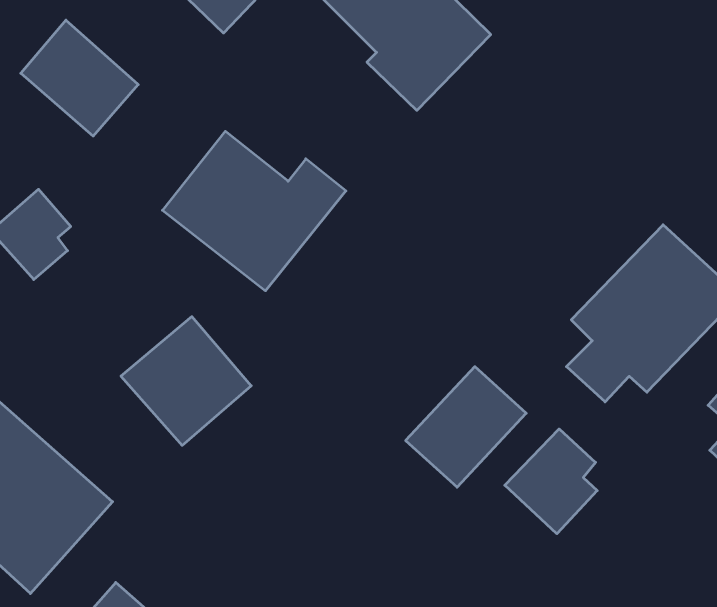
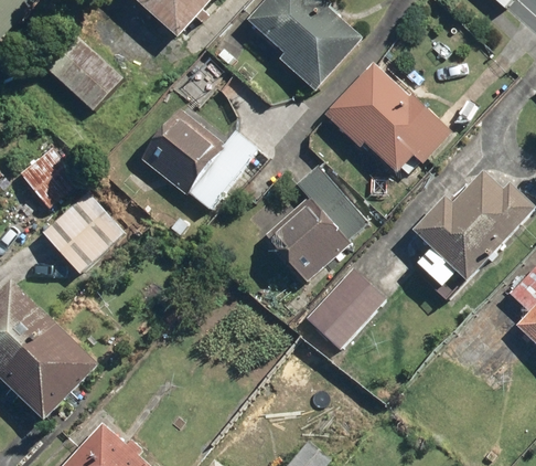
building: none -> [322,60,450,172]
building: none -> [264,163,369,280]
building: [121,317,251,445] -> [37,186,127,274]
building: [505,429,597,534] -> none

